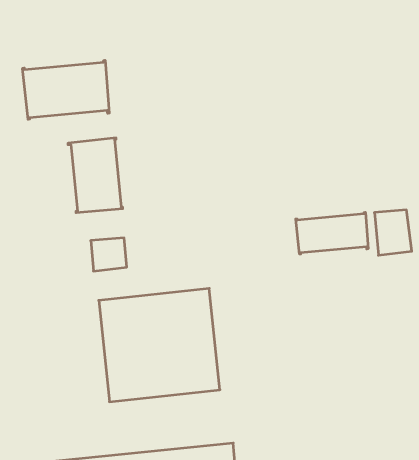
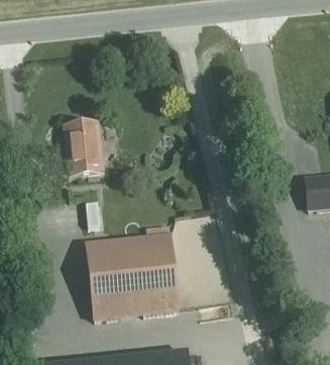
building: [23,60,109,119] -> none
building: [296,212,368,254] -> none

